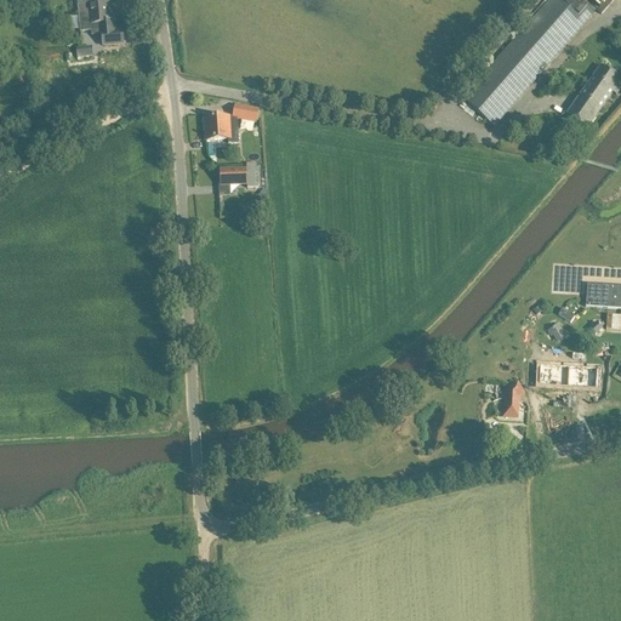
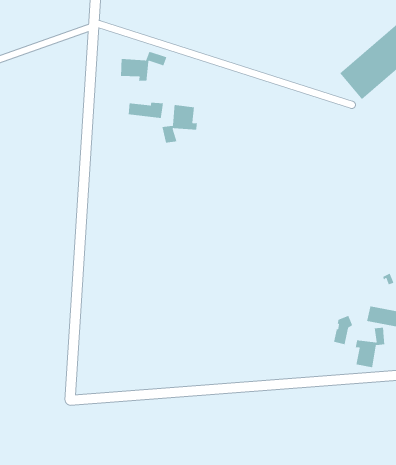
building: none -> [162,104,198,143]
building: none -> [355,327,385,368]

